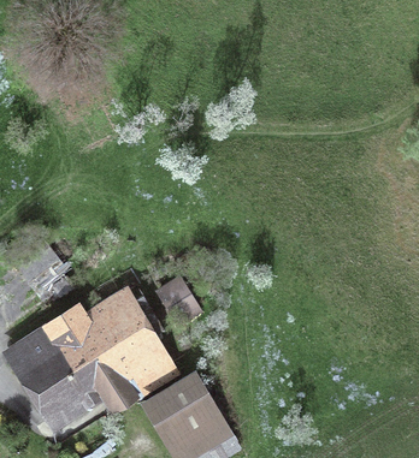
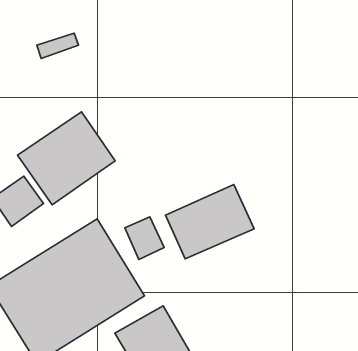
building: none -> [17,112,115,205]
building: none -> [166,185,254,259]

